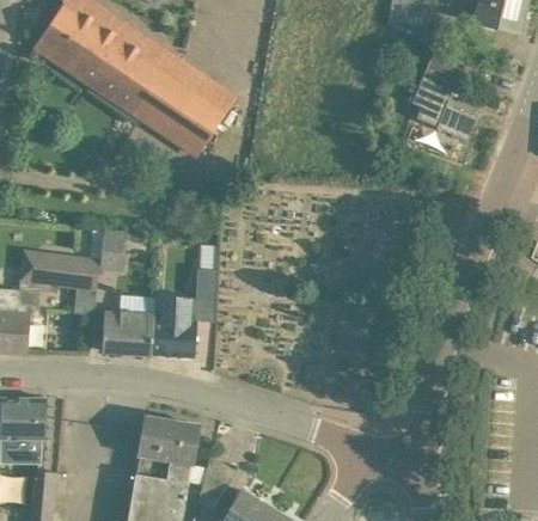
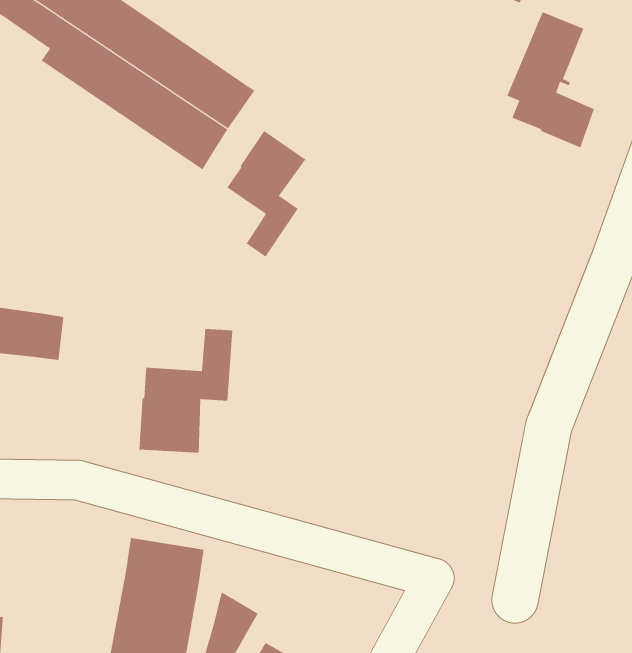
building: none -> [226,130,306,257]
building: [97,228,126,272] -> none
building: [102,311,153,354] -> none

